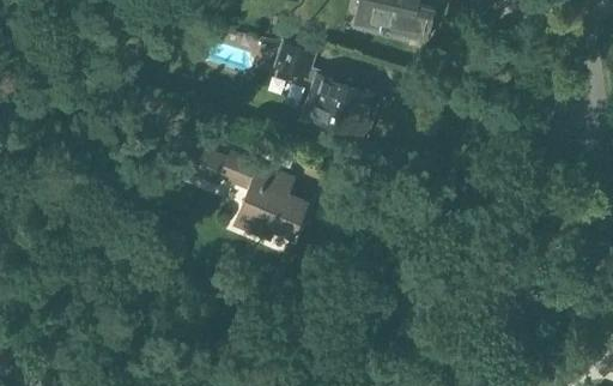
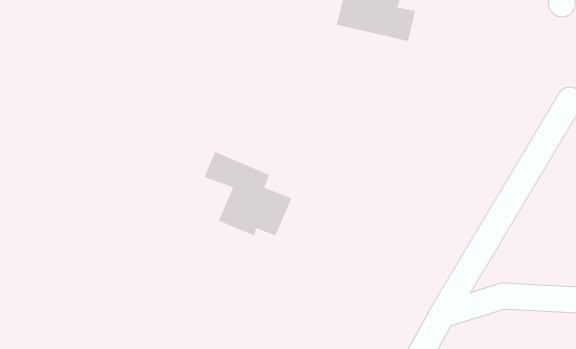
building: [274,47,378,137] -> none

